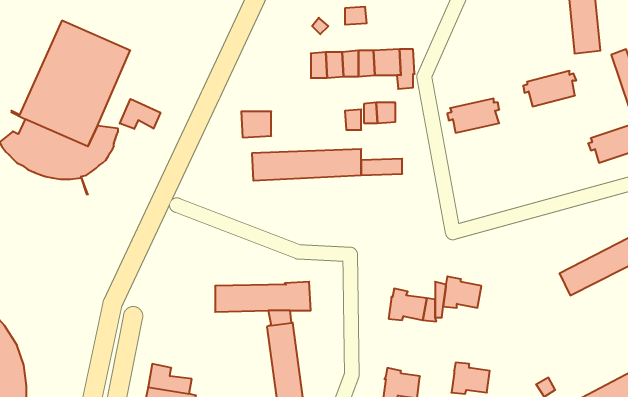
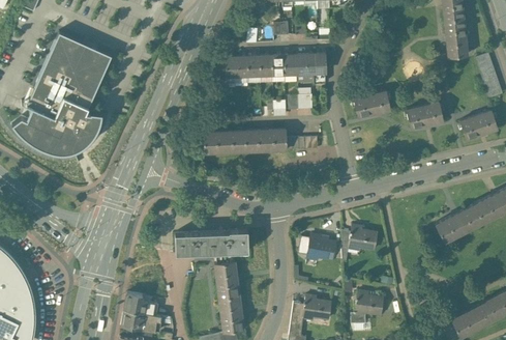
building: [523,71,576,106] -> [403,103,443,130]
building: [120,99,160,129] -> none
building: [241,111,271,137] -> [225,57,247,77]

